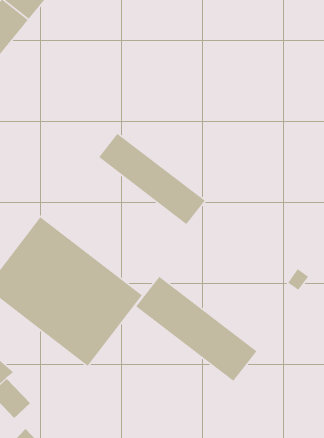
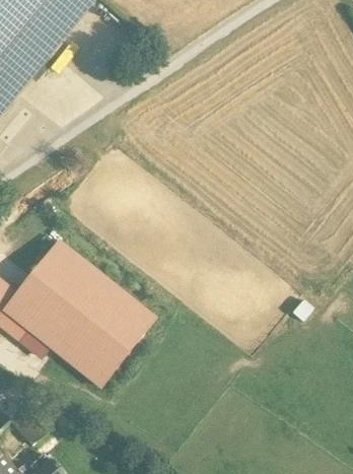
building: [98,133,206,225] -> none
building: [135,276,257,382] -> none

